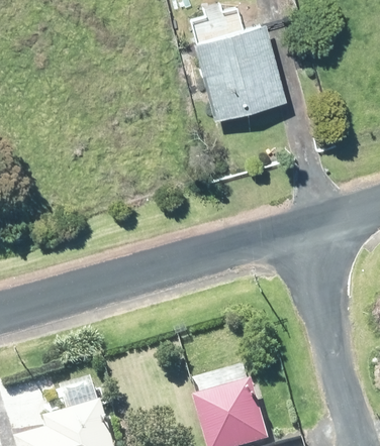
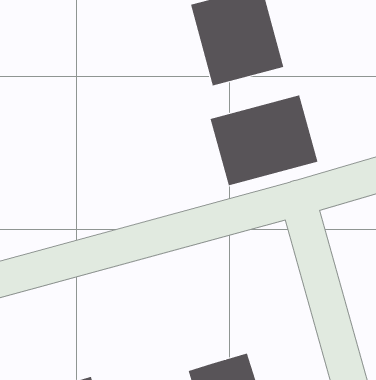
building: none -> [210,94,318,186]

